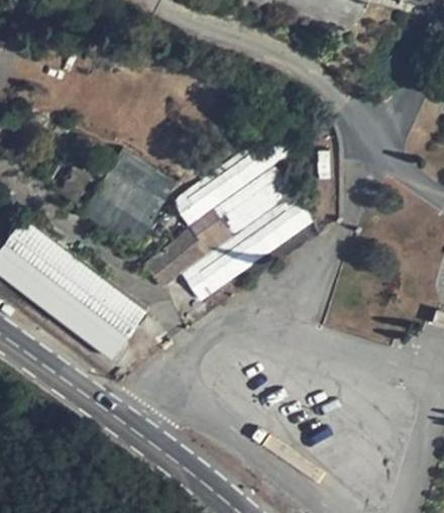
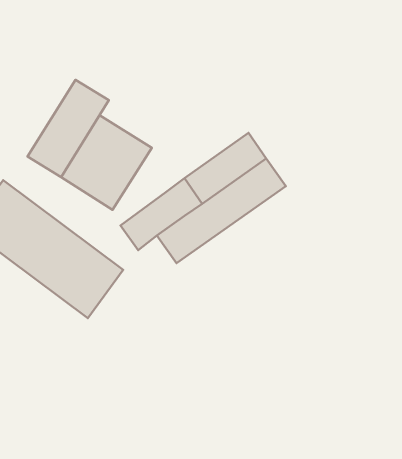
building: none -> [28,80,109,177]
building: [172,125,299,229] -> none

